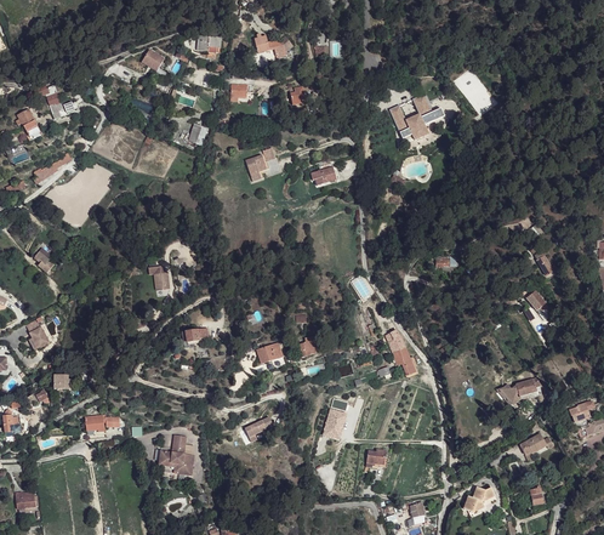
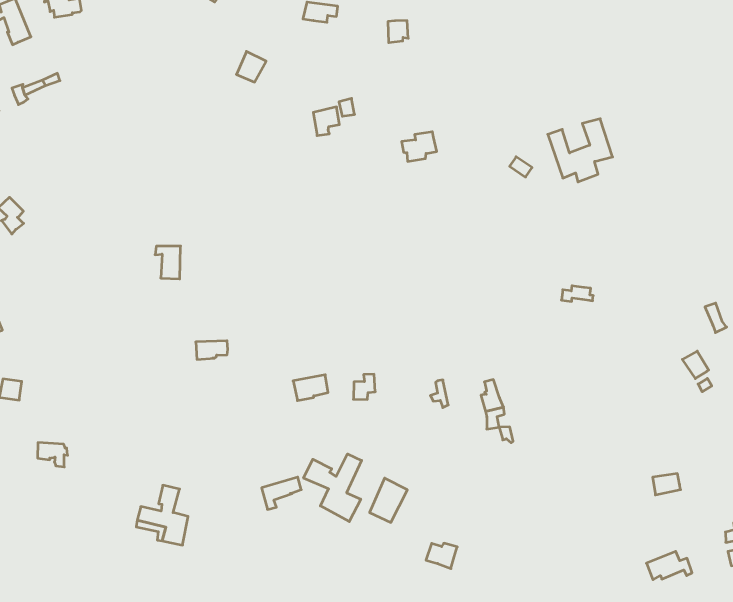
building: [389,93,437,140] -> [548,119,613,182]
building: none -> [304,454,362,522]

